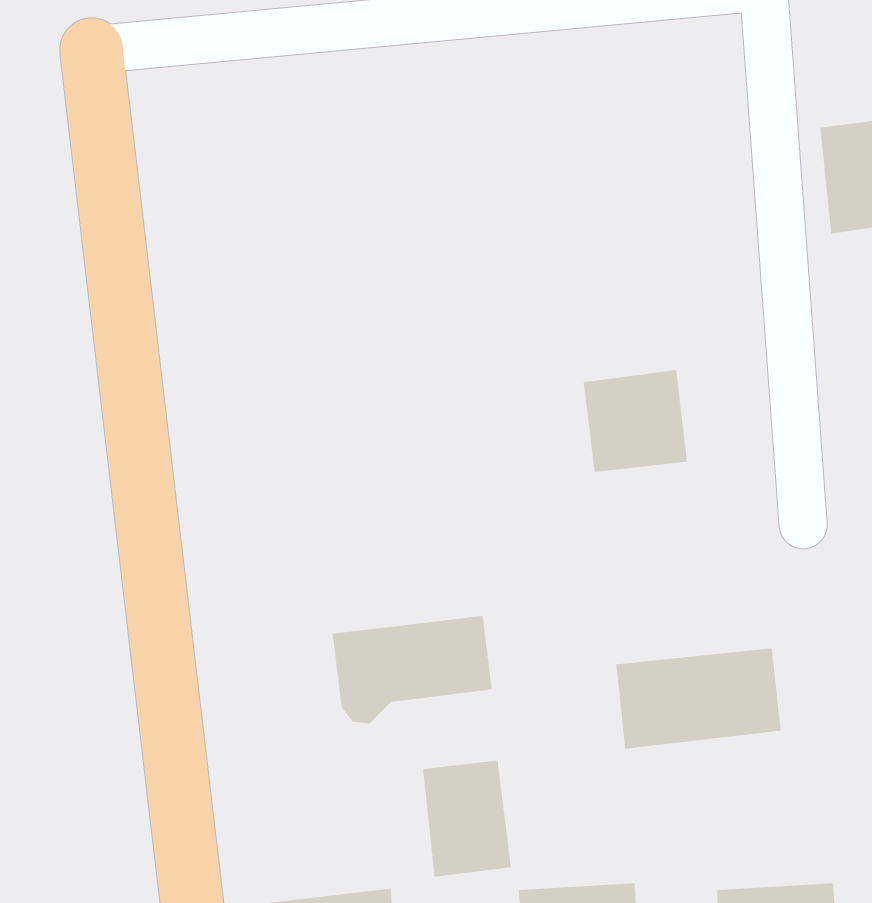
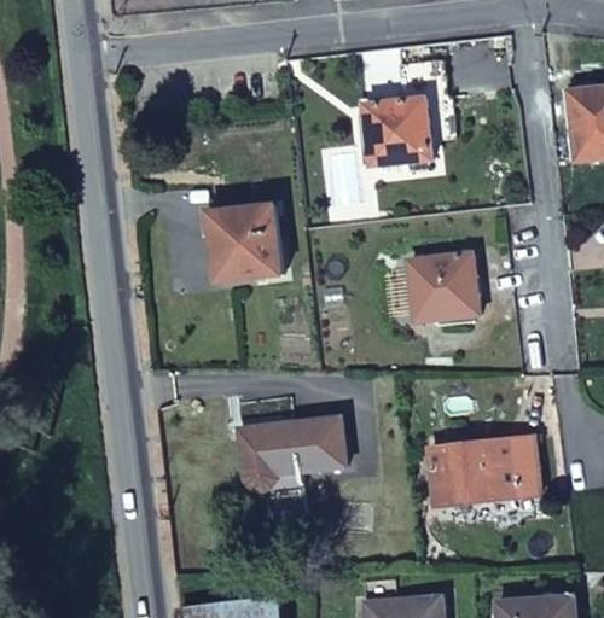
building: none -> [362,98,431,165]
building: none -> [208,205,281,281]
building: [422,760,511,877] -> none

